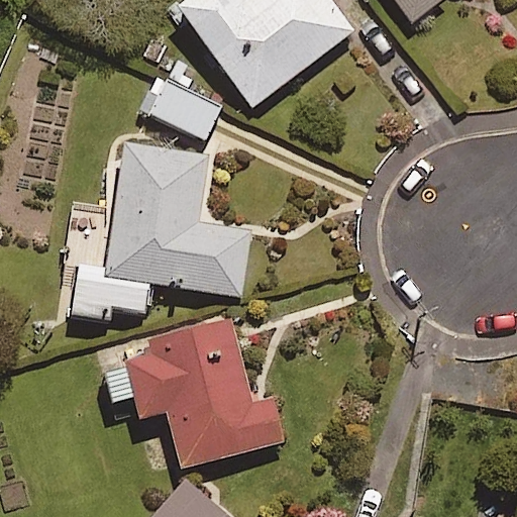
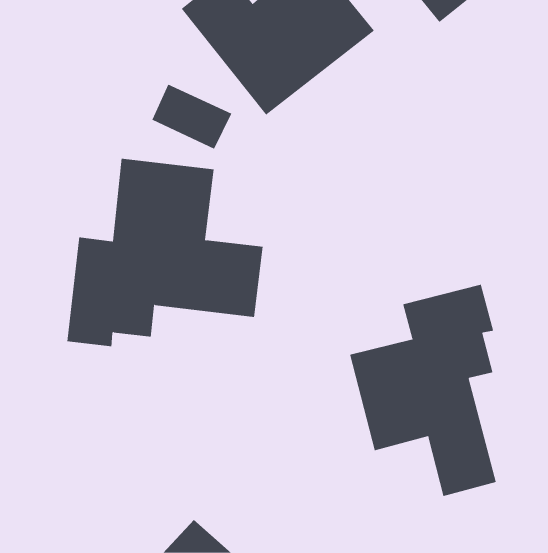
building: none -> [349,284,496,497]
building: [106,317,284,468] -> none

